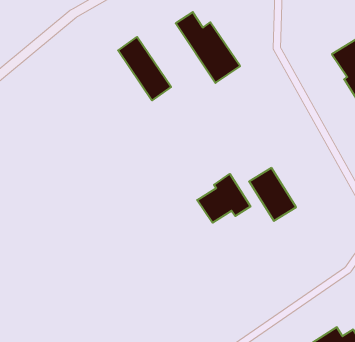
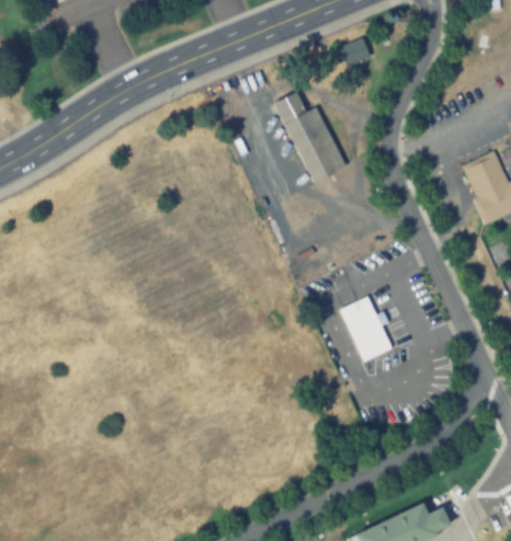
building: [118,37,171,100] -> none
building: [197,174,250,223] -> none

